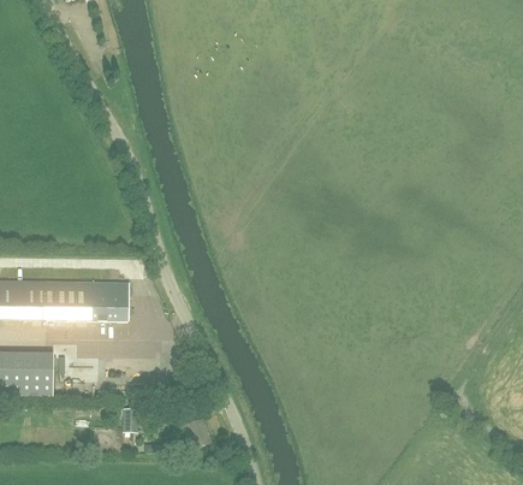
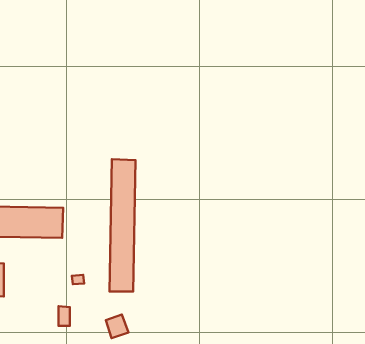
building: none -> [109,159,135,292]

